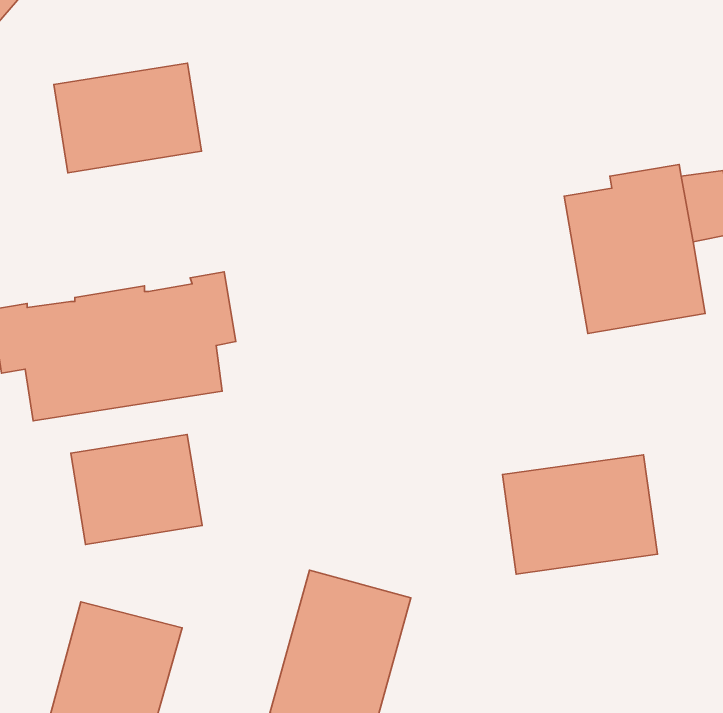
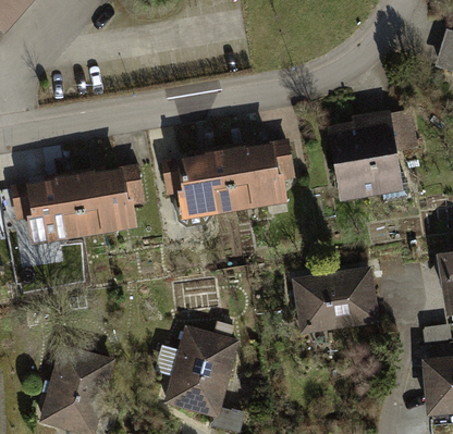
building: [54,63,201,173] -> none
building: none -> [164,139,297,227]
building: [71,434,202,544] -> none

